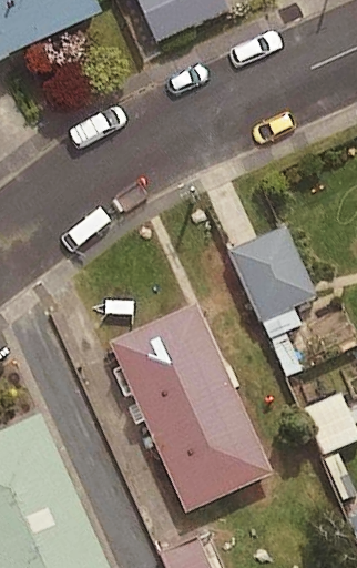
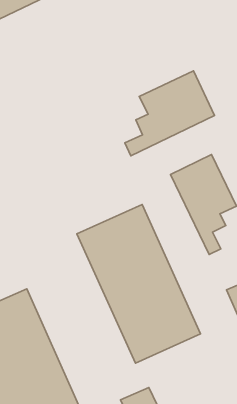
building: none -> [125,71,215,156]

